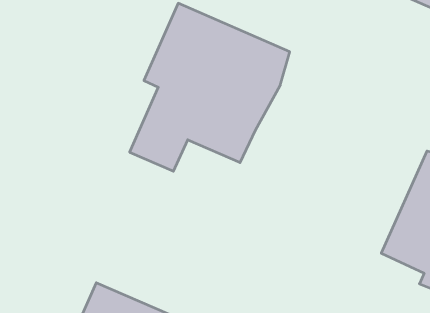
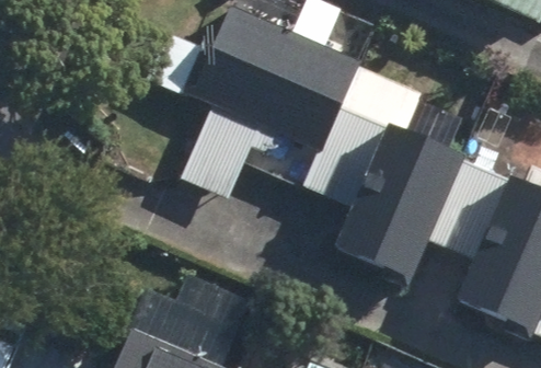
building: none -> [344,123,477,288]

